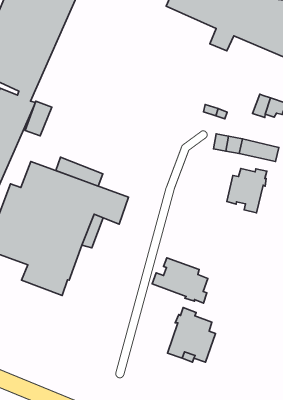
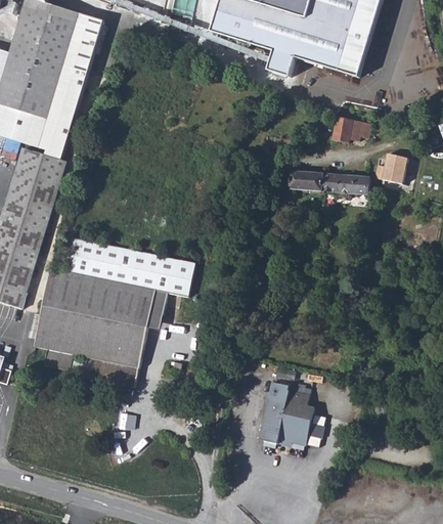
building: [25,101,52,136] -> none
building: [56,157,103,186] -> none
building: [227,168,267,213] -> none
building: [152,258,208,303] -> none

